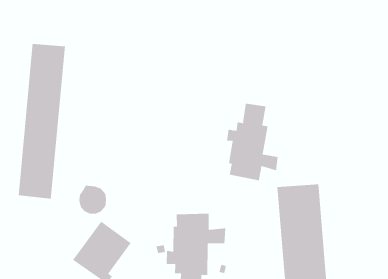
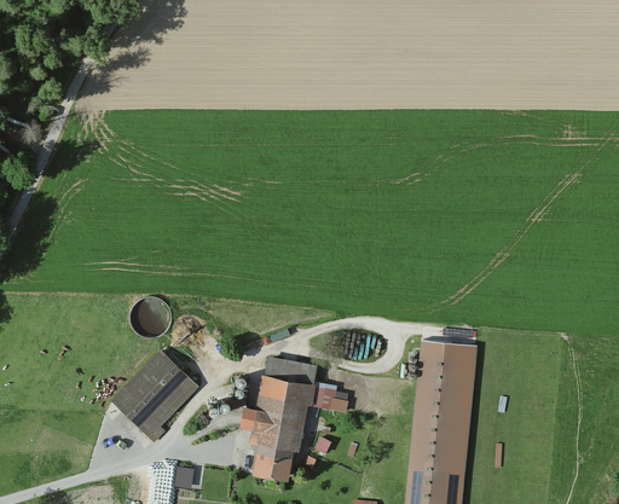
building: [18,43,65,199] -> none
building: [227,103,278,181] -> none

